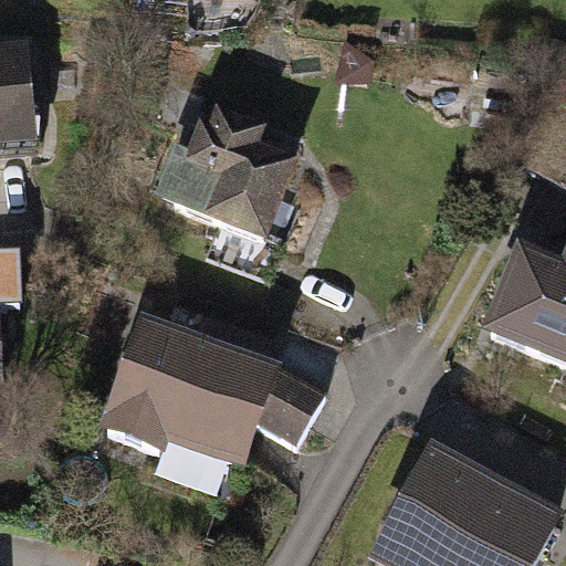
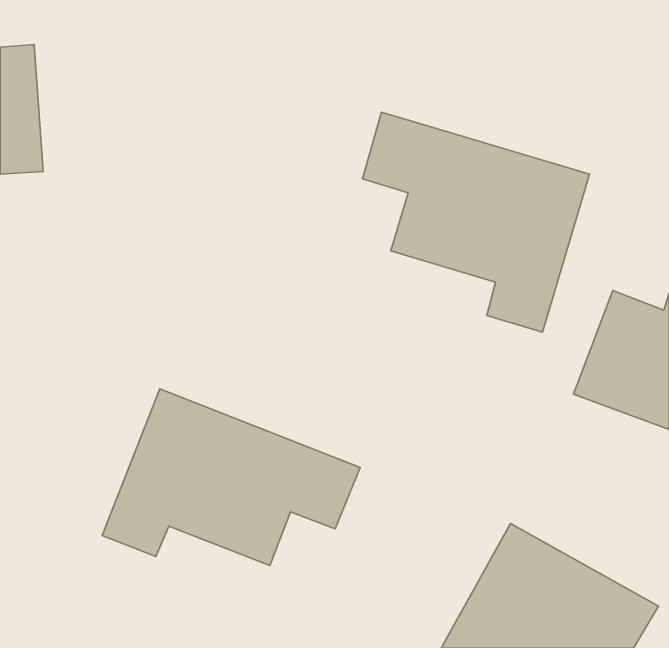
building: none -> [362,112,590,332]
building: [158,99,314,272] -> none

